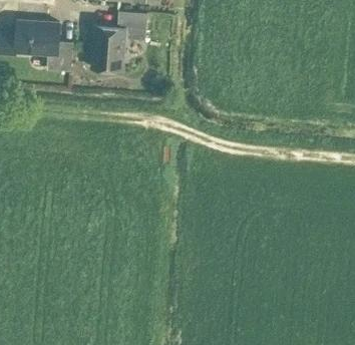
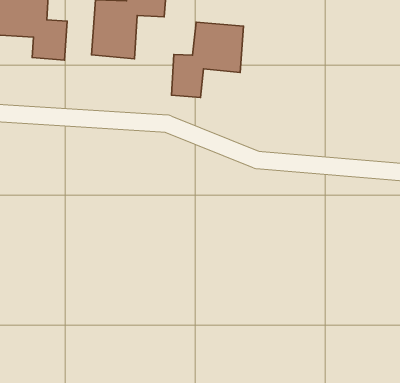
building: none -> [172,22,243,98]

